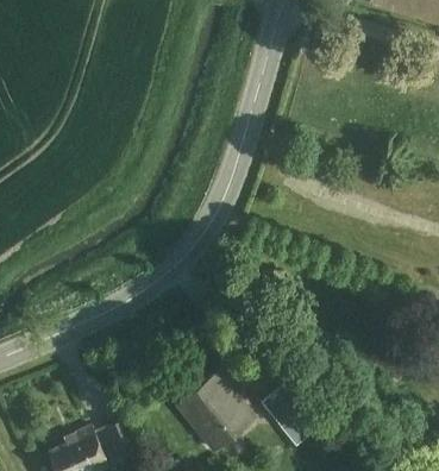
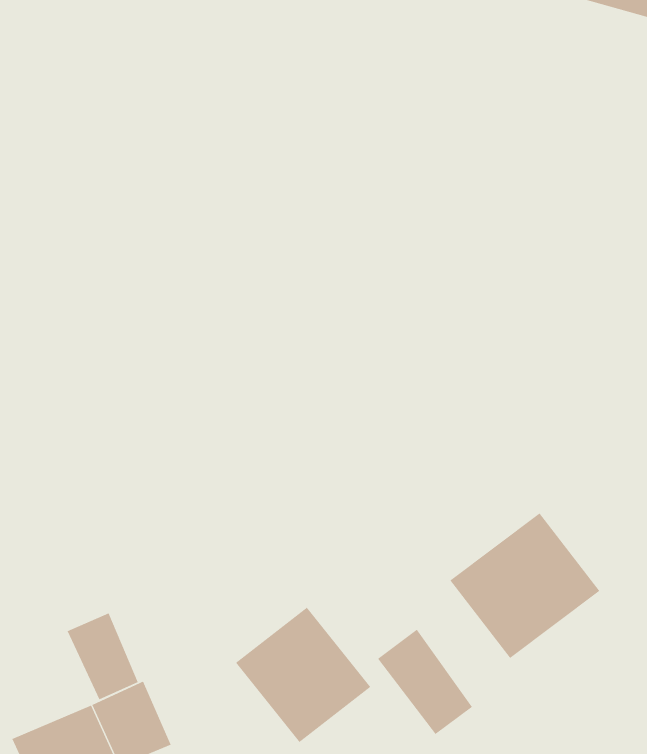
building: none -> [449,512,600,659]
building: none -> [67,612,139,700]

